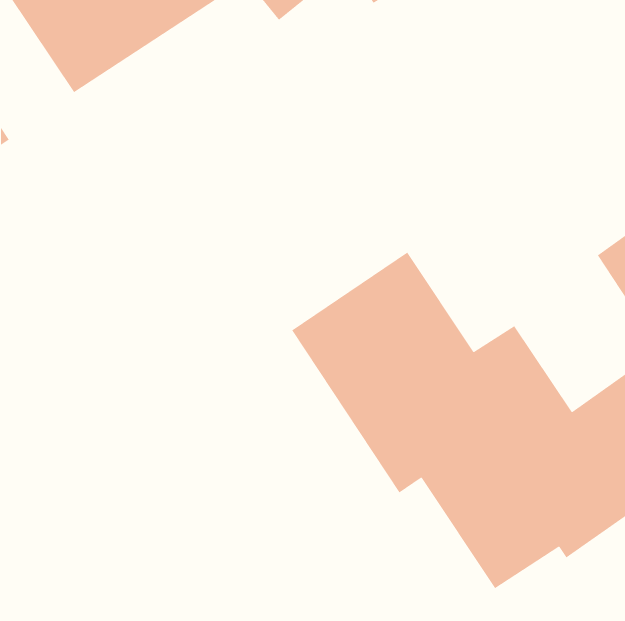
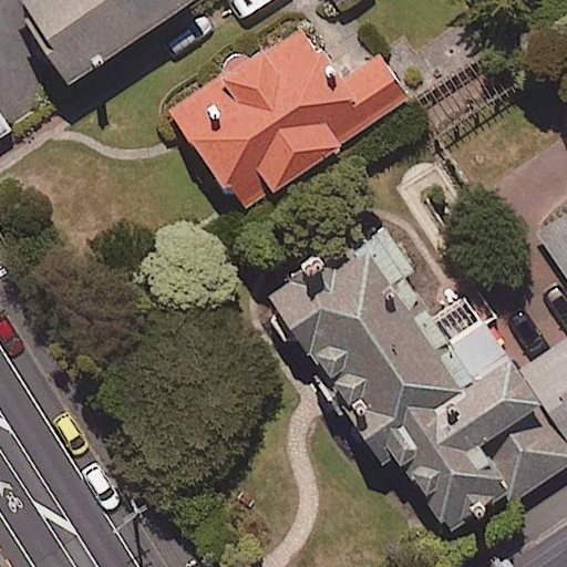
building: none -> [171,25,410,214]

